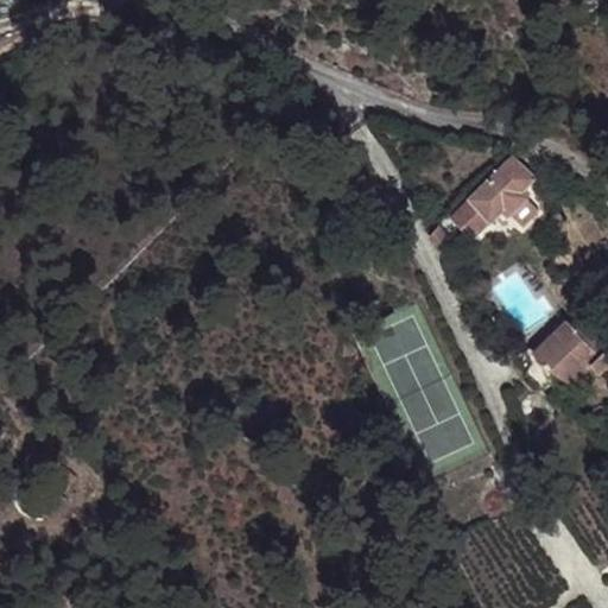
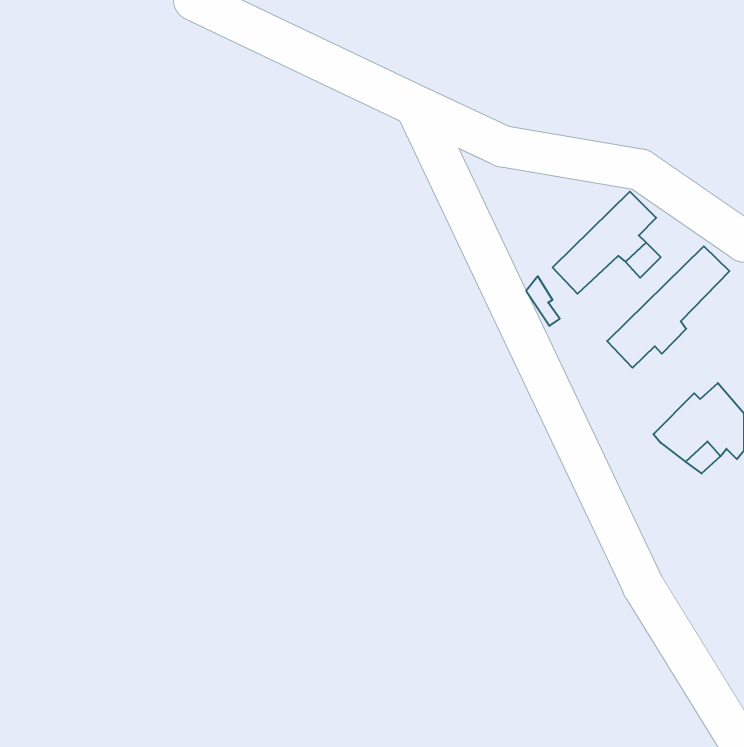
building: none -> [607,246,729,368]

